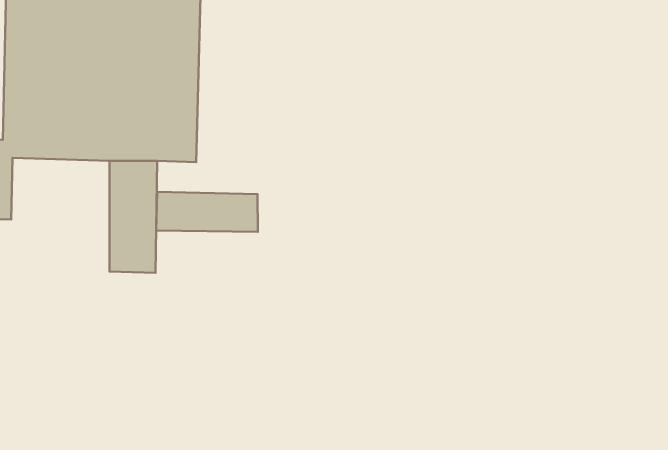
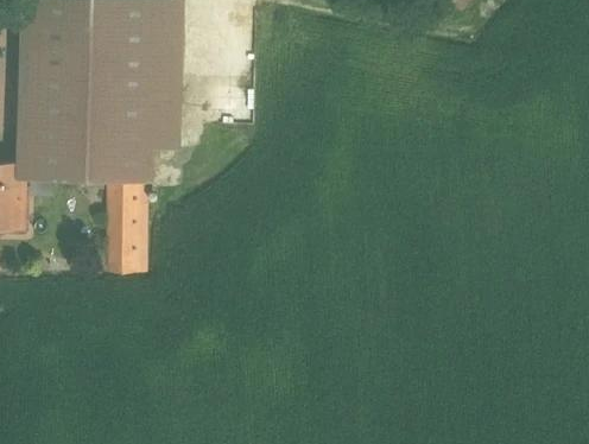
building: [156,192,258,232] -> none

